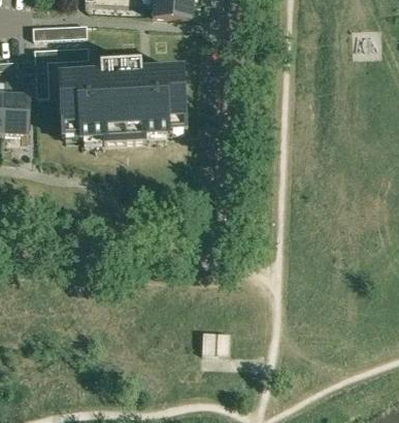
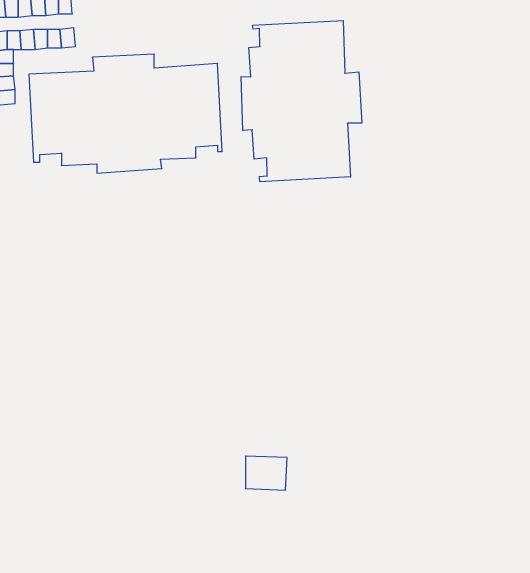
building: none -> [241,21,362,182]

